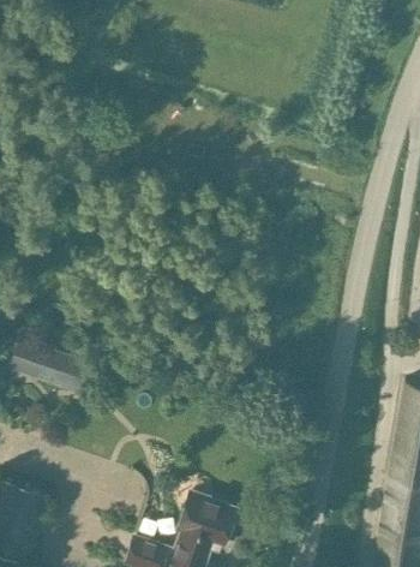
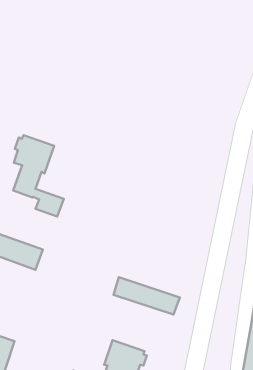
building: none -> [13,135,64,216]
building: none -> [113,277,180,315]

